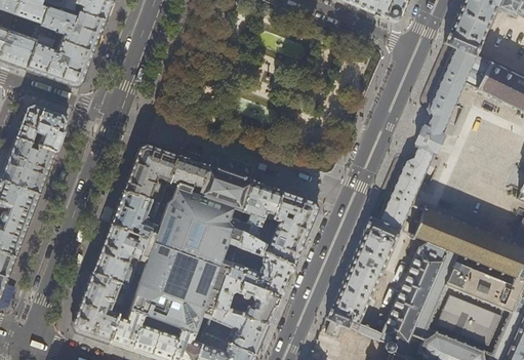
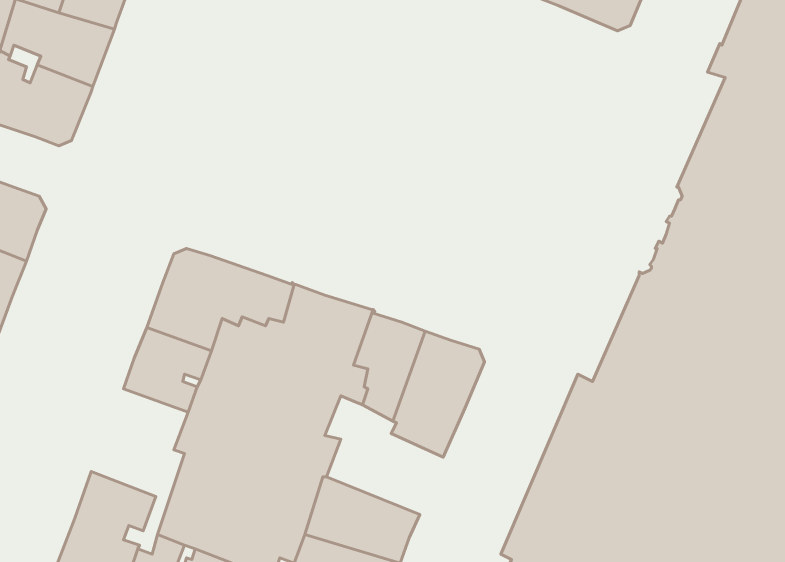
building: [93,225,149,286] -> none
building: [228,232,294,296] -> none

